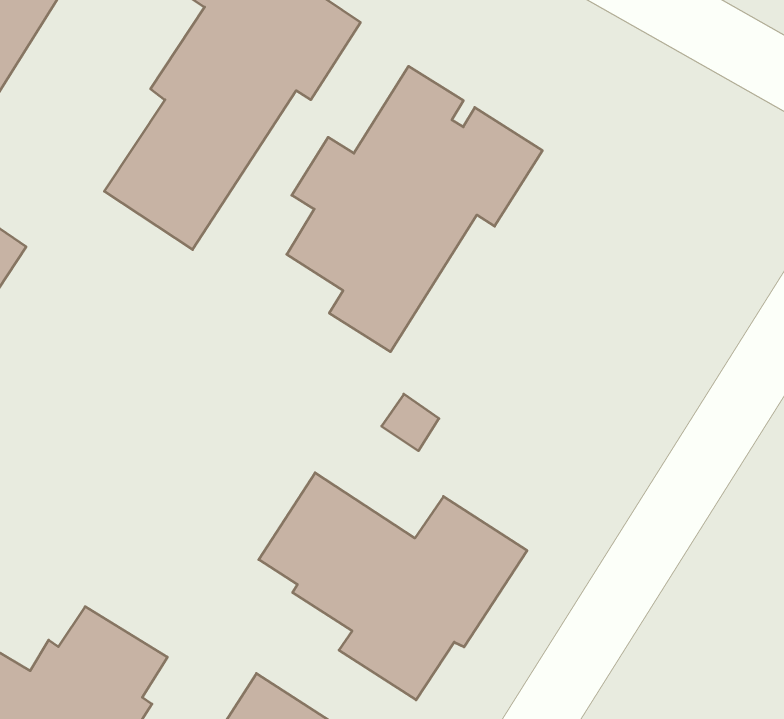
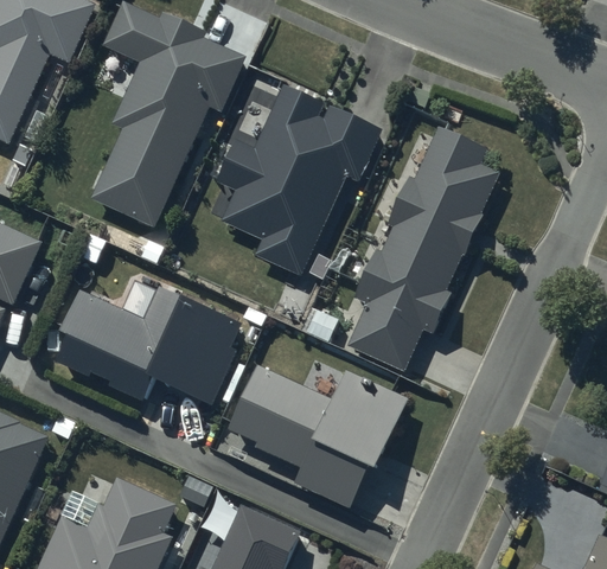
building: none -> [349,127,498,370]
building: none -> [59,288,241,404]

